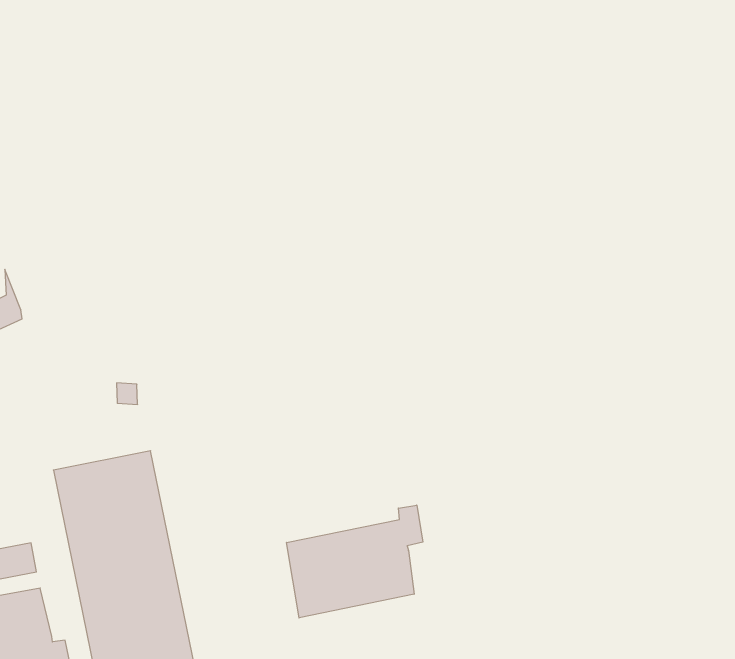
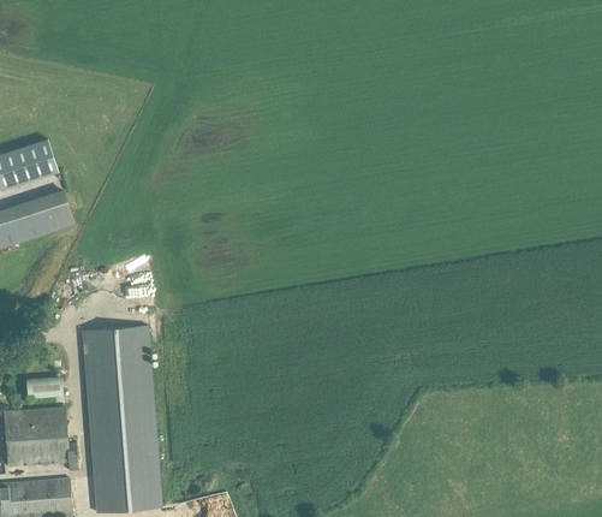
building: [287,505,423,618] -> none

